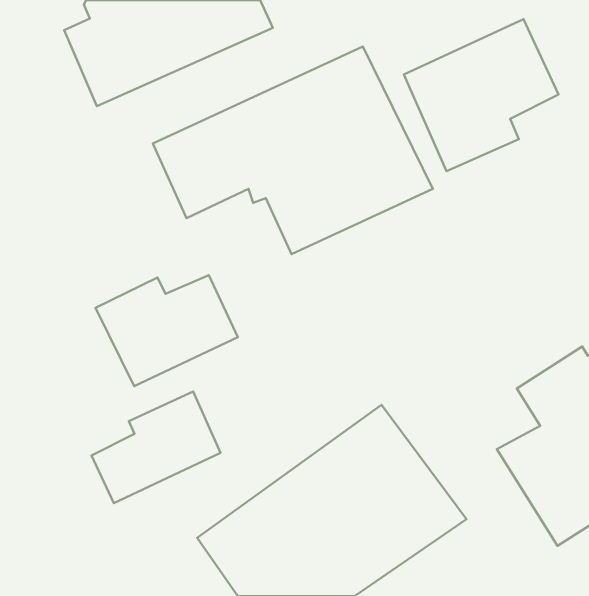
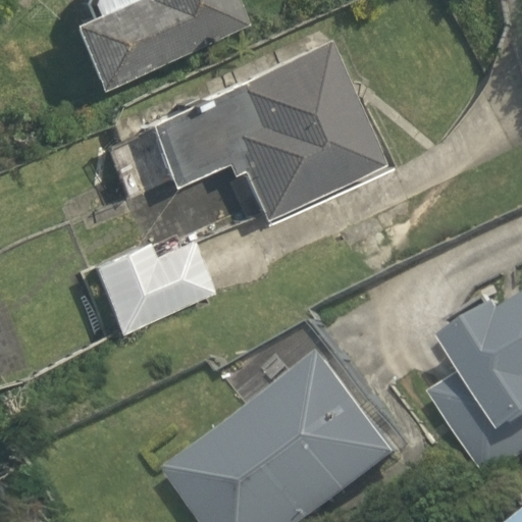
building: [404,19,558,171] -> none
building: [91,392,221,503] -> none

